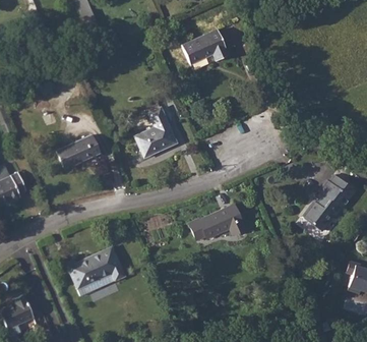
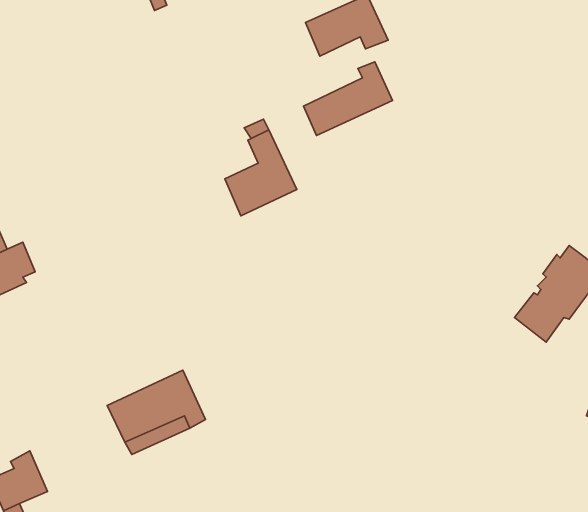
building: none -> [303,62,393,135]
building: [56,135,100,169] -> none
building: [188,205,245,240] -> none

